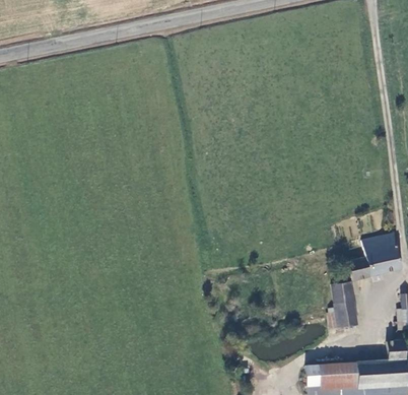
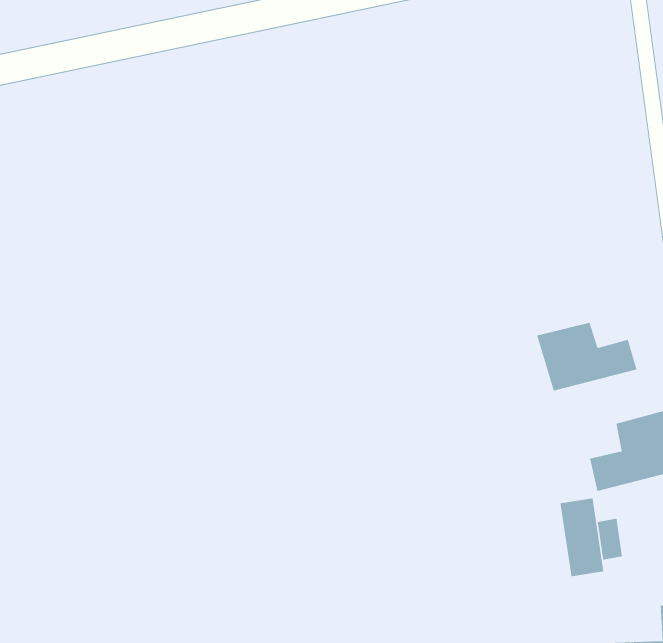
building: none -> [536,322,637,391]

